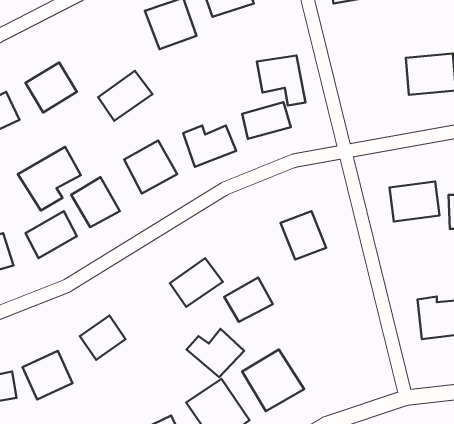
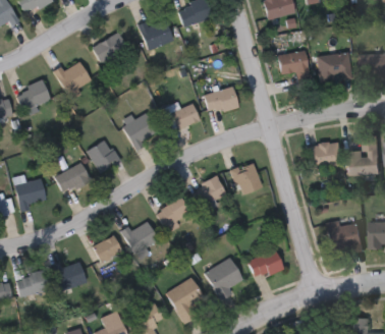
building: [257,56,305,106] -> [278,51,312,86]
building: [98,71,153,121] -> [93,31,130,65]
building: [18,147,81,210] -> none
building: [224,278,273,322] -> [194,175,227,206]
building: [187,329,244,377] -> [119,221,159,255]
building: none -> [249,249,284,279]

